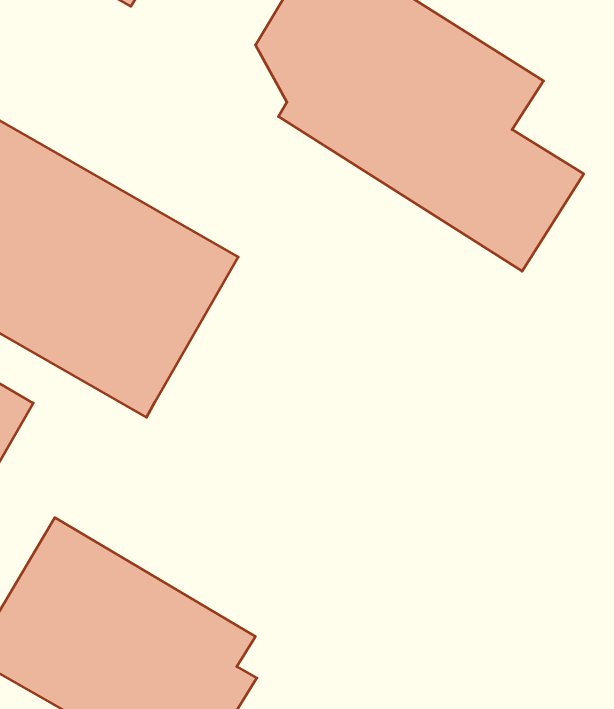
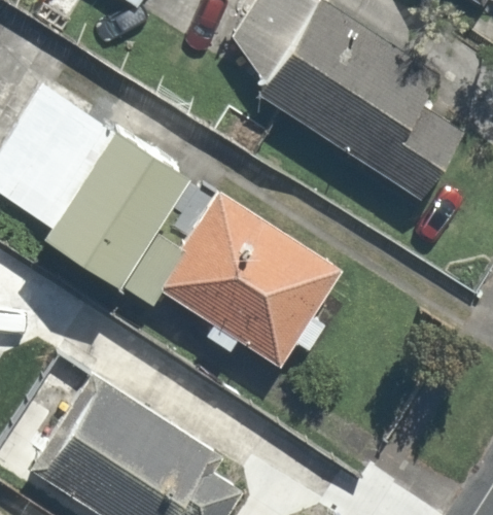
building: none -> [156,188,346,367]

